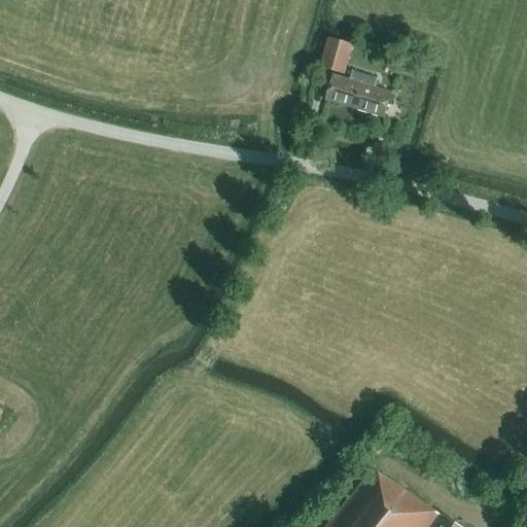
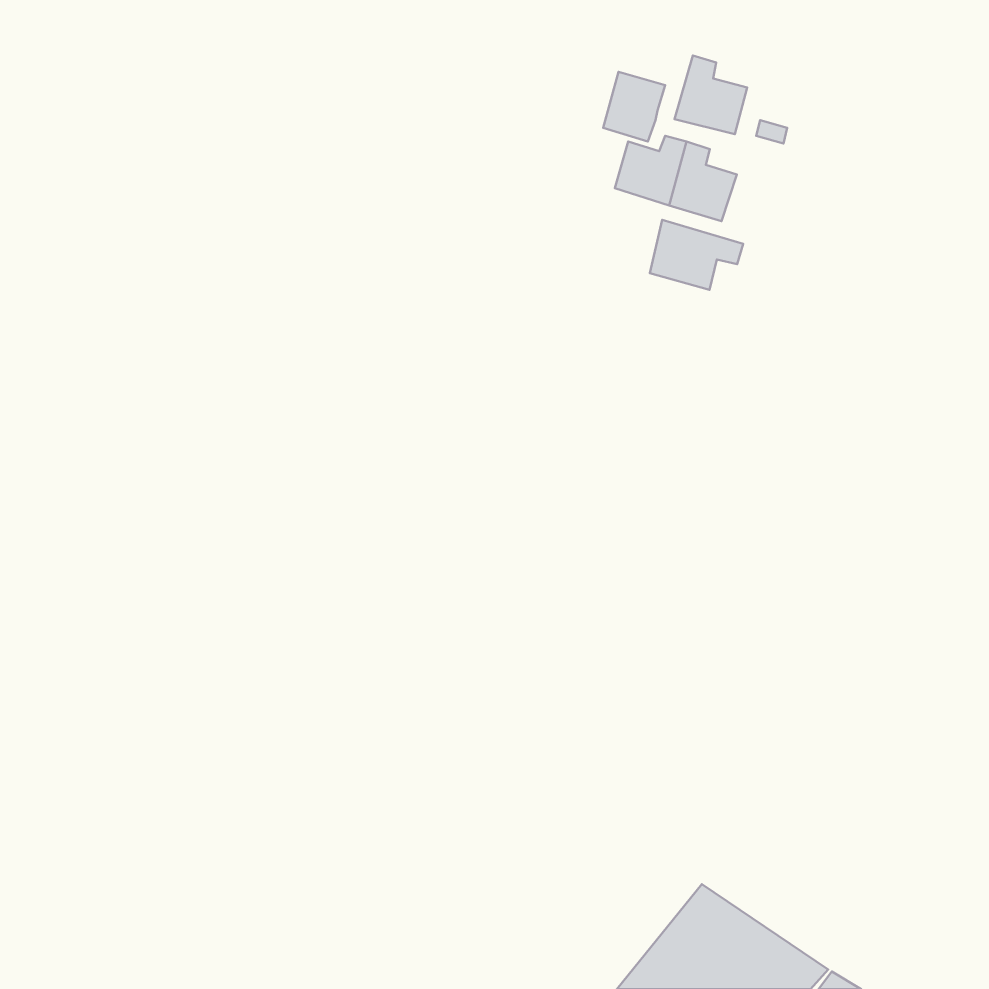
building: none -> [674,56,747,134]
building: none -> [650,220,743,290]

